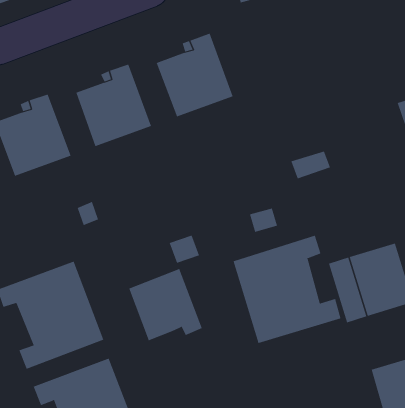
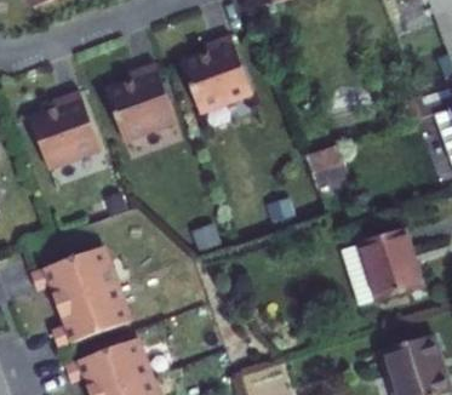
building: [233,235,341,344] -> none
building: [129,268,202,341] -> none

